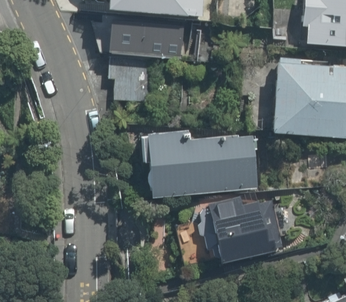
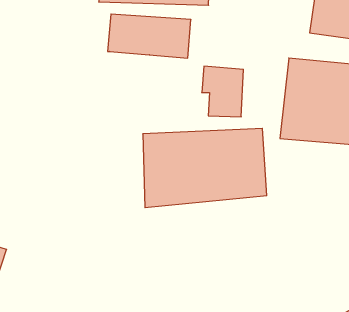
building: [108,57,146,103] -> [202,66,243,117]
building: [204,195,271,257] -> none

